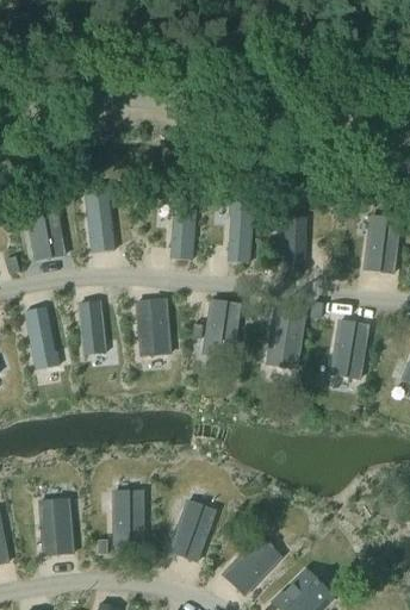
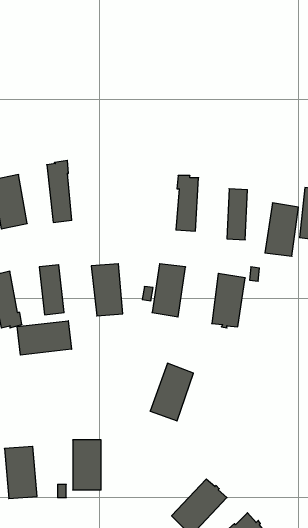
building: [170,198,195,260] -> none
building: [330,319,367,378] -> [265,203,298,256]
building: none -> [17,321,72,355]
building: [169,499,217,562] -> [150,363,193,421]

